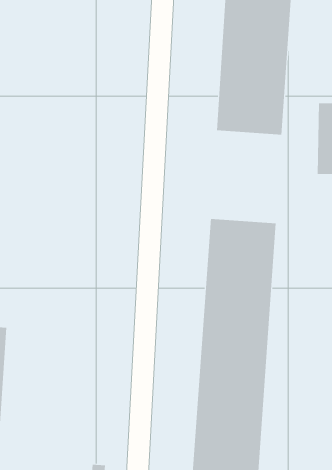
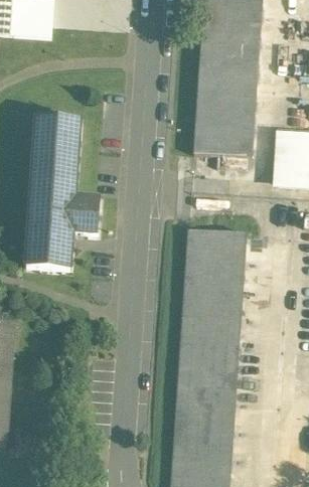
building: none -> [25,115,99,269]

